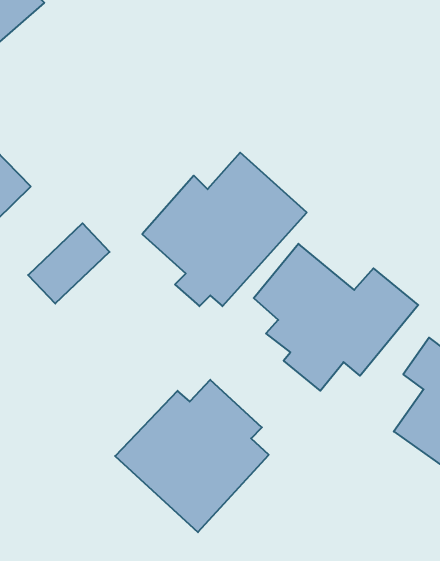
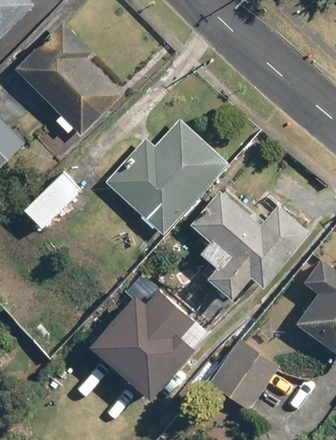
building: none -> [14,20,121,136]
building: none -> [207,337,276,408]

